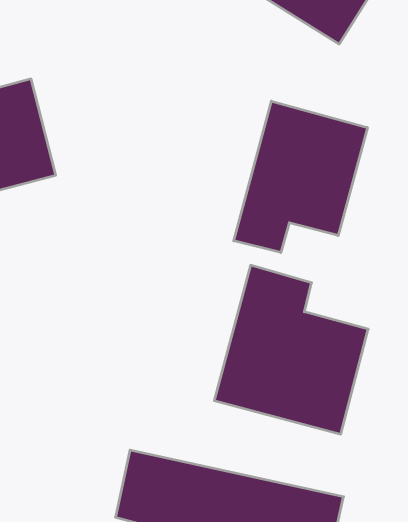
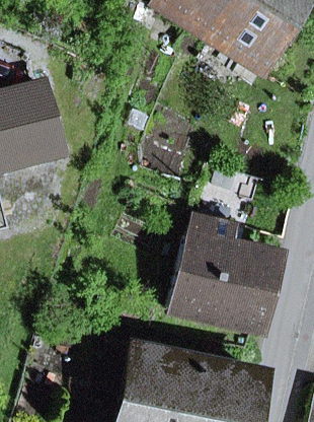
building: [234,101,367,253] -> none

